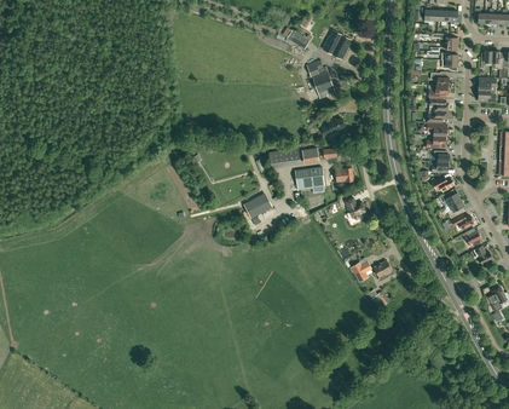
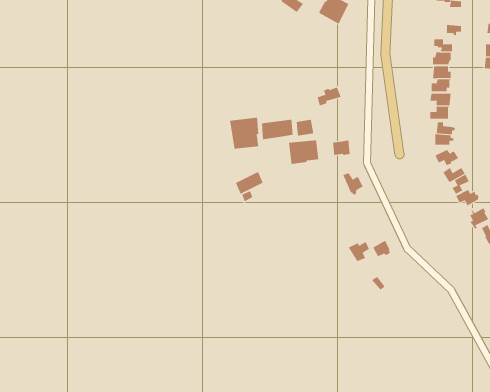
building: [306,61,335,98] -> none
building: none -> [229,117,259,150]

